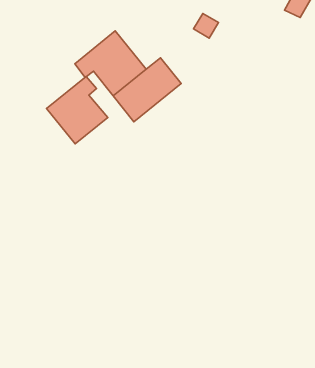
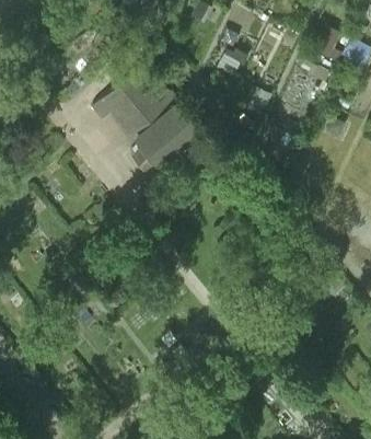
building: [46,76,108,144] -> none

